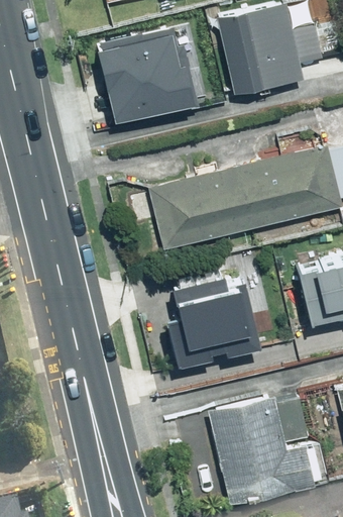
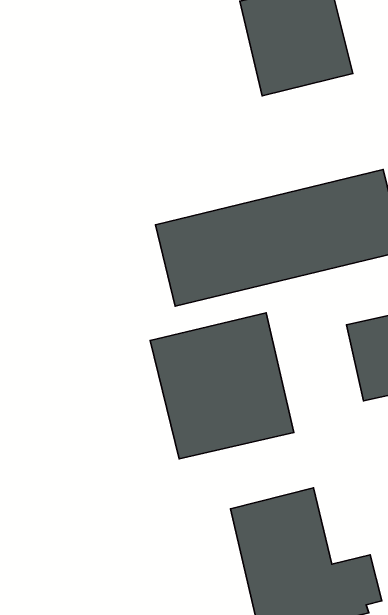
building: [96,29,191,124] -> none

